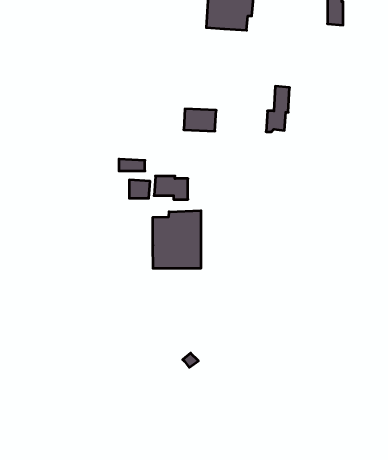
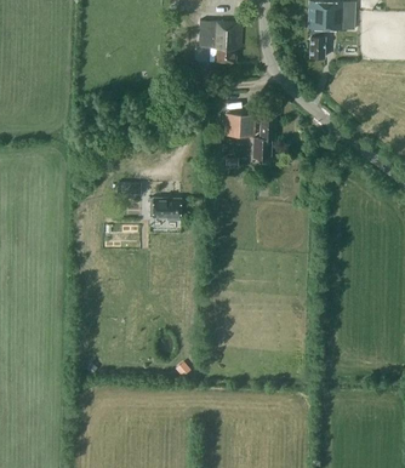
building: [184,109,216,131] -> [223,115,253,136]
building: [153,211,201,268] -> none

